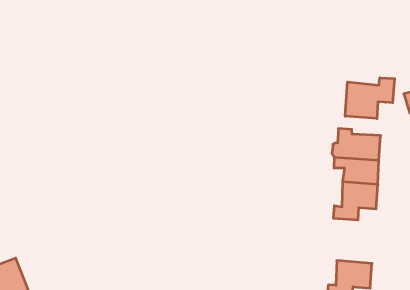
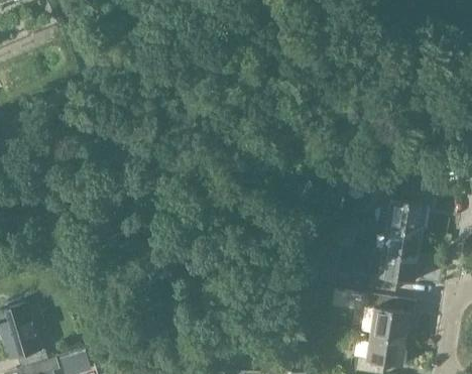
building: [345,78,395,119] -> none
building: none -> [367,293,411,339]

